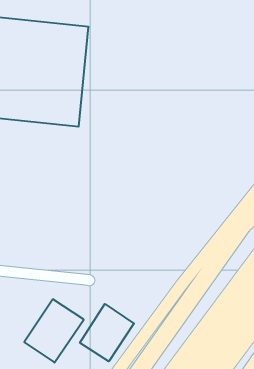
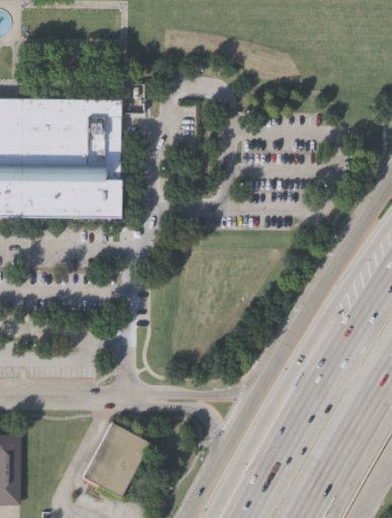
building: [80,304,134,361] -> none

